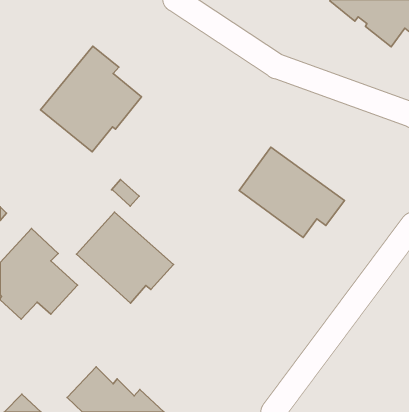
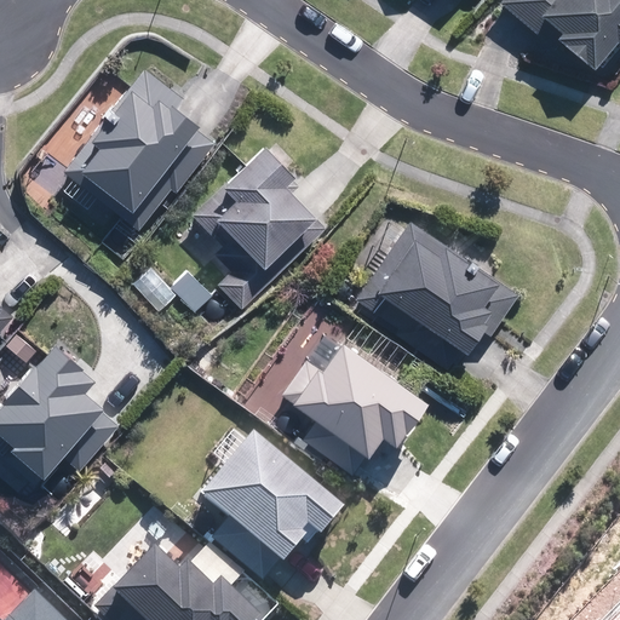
building: none -> [195,145,323,280]
building: [76,212,173,303] -> [196,434,341,570]
building: none -> [288,340,424,457]

